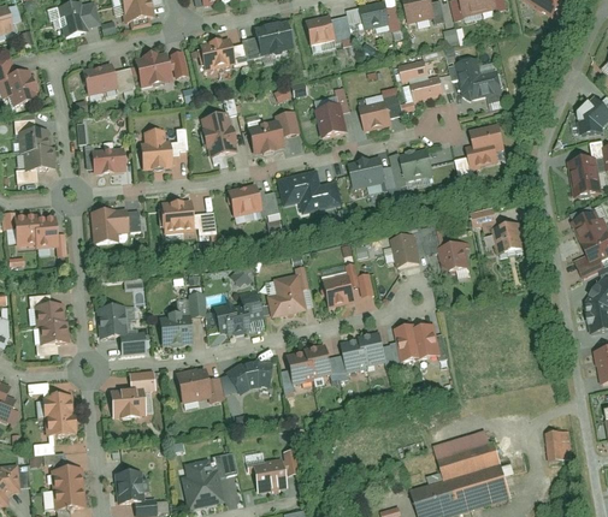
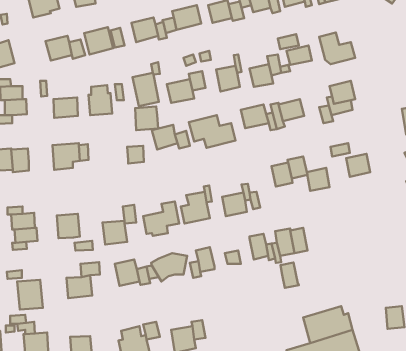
building: [163,201,194,233] -> [135,106,158,130]
building: [342,338,367,373] -> [280,262,299,288]
building: [306,344,330,376] -> none

